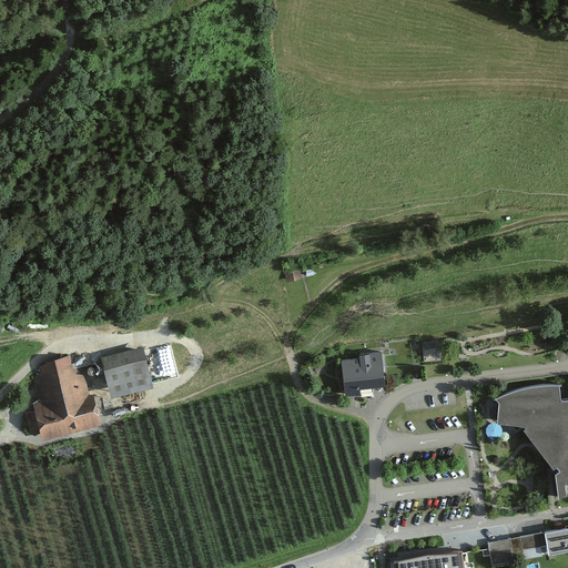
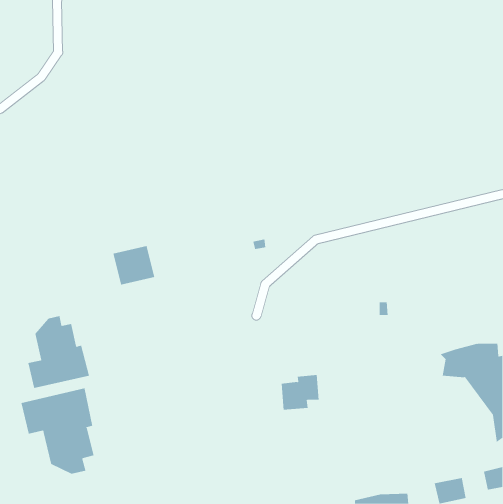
building: [100,351,148,395] -> [113,246,155,285]
building: [342,355,385,395] -> [281,375,319,410]
building: none -> [21,388,94,474]

